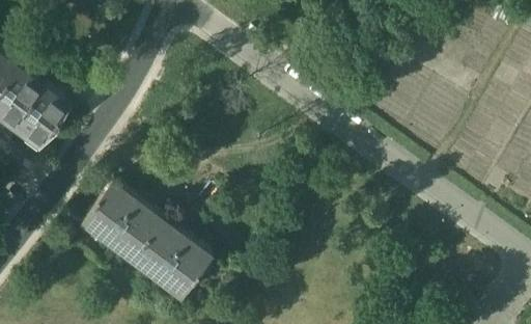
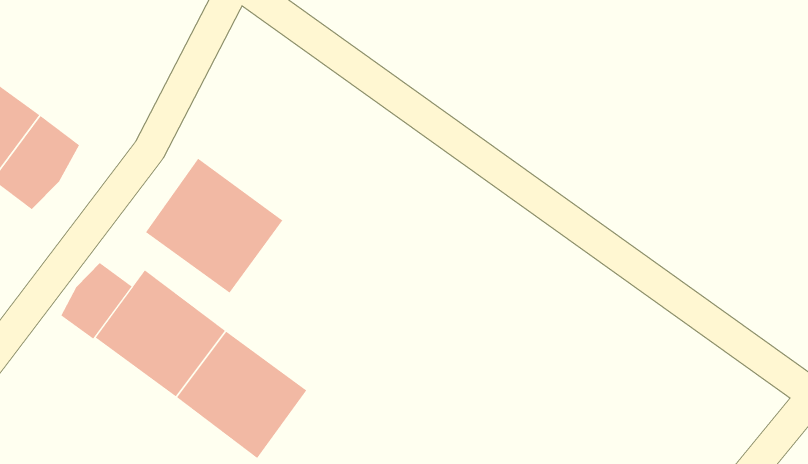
building: none -> [145,158,283,293]
building: none -> [60,262,132,340]

